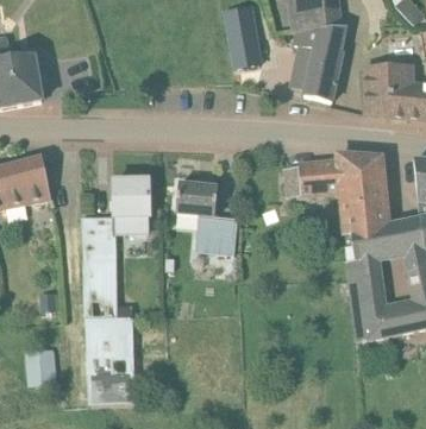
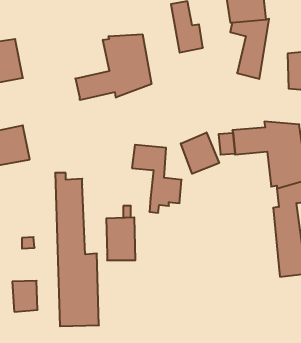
building: none -> [75,34,151,100]
building: none -> [181,132,219,174]
building: [113,176,149,228] -> [106,217,135,260]

